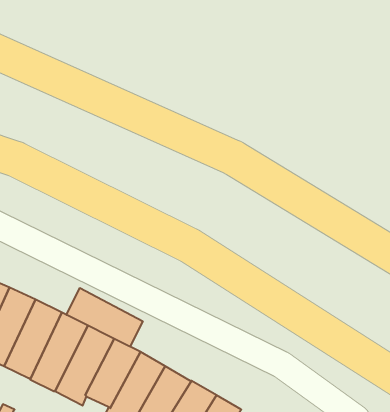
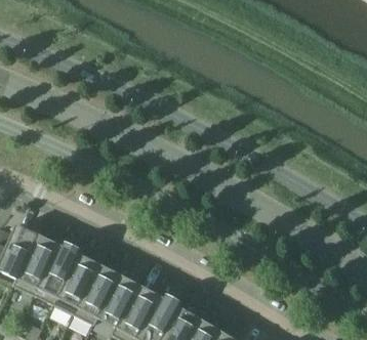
building: [66,288,143,346] -> none

